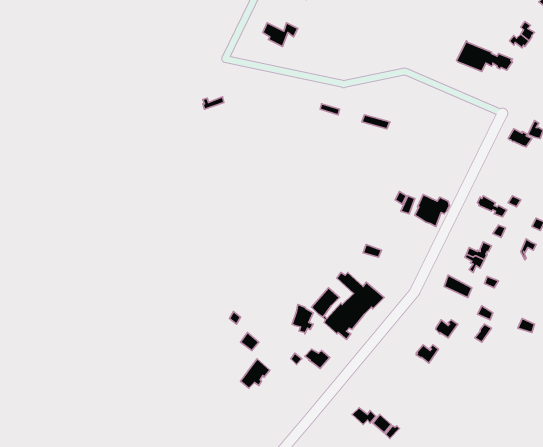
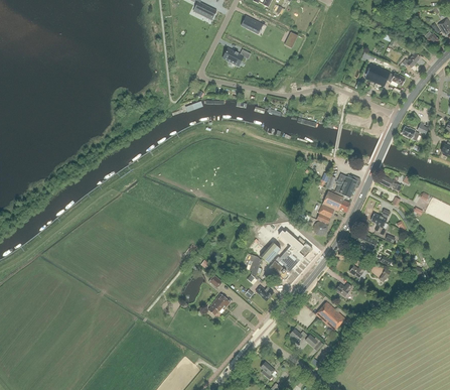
building: none -> [313,190,349,235]
building: none -> [315,301,344,331]

